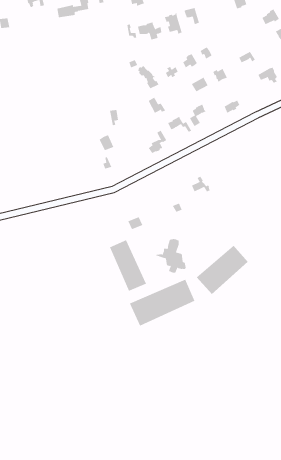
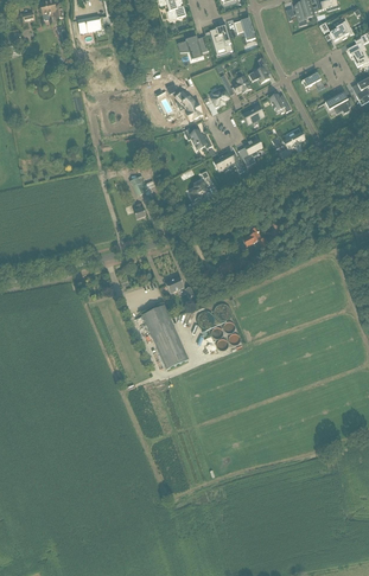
building: [196,245,249,295] -> none
building: [129,279,195,326] -> none

